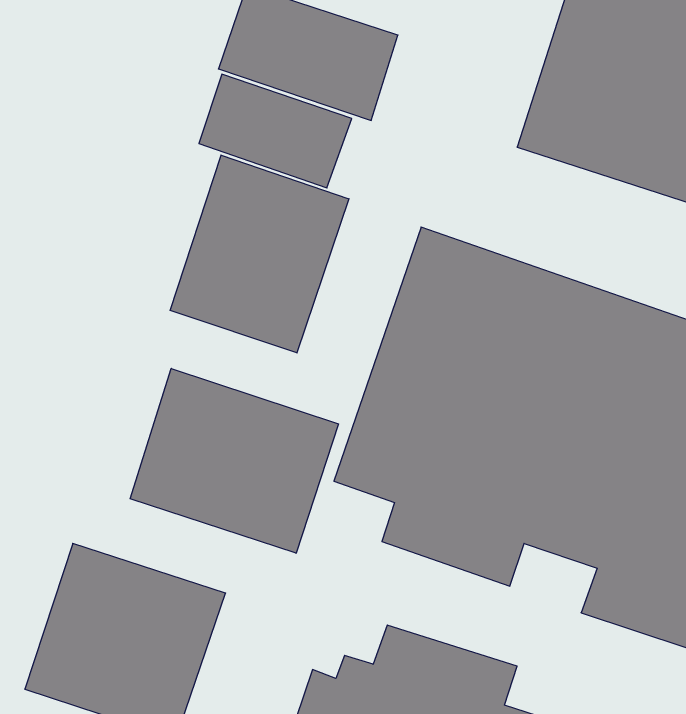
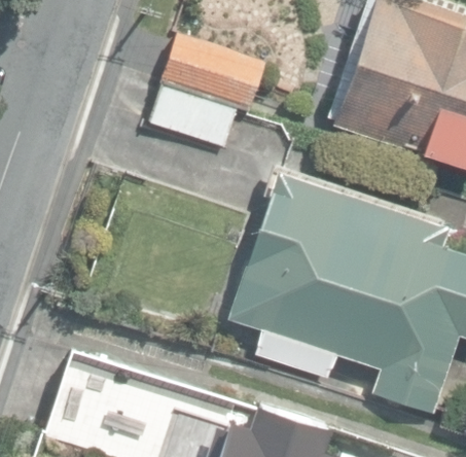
building: [170,155,349,353] -> none
building: [130,368,339,553] -> none

